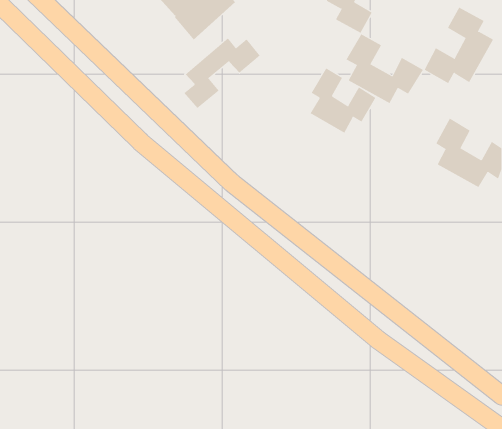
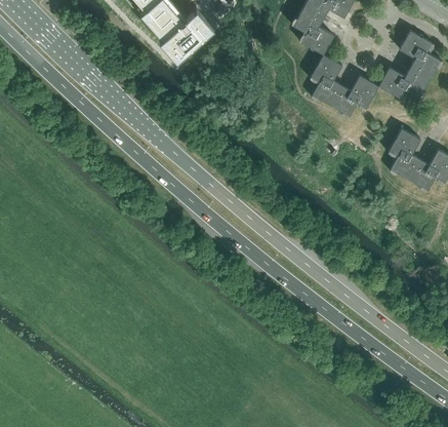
building: [184,37,260,109] -> none
building: [310,68,376,134] -> none

